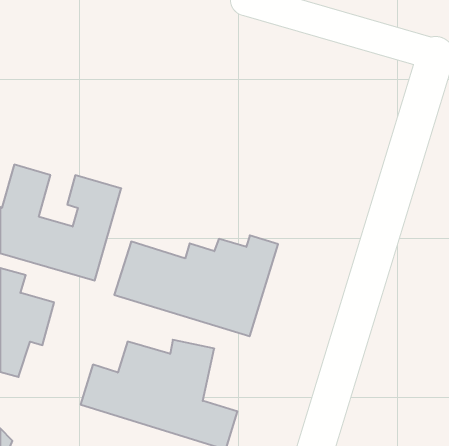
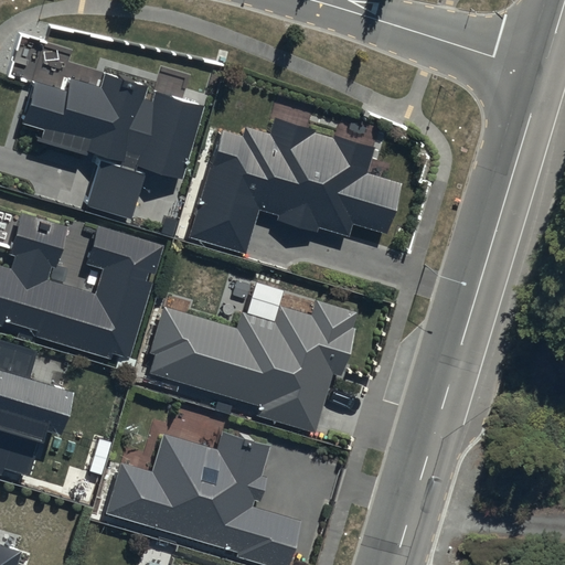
building: none -> [25,72,202,223]
building: none -> [186,118,397,255]

